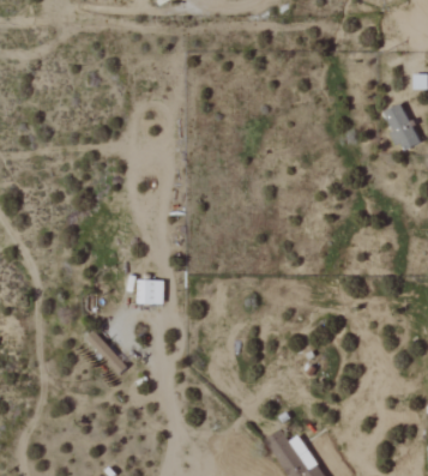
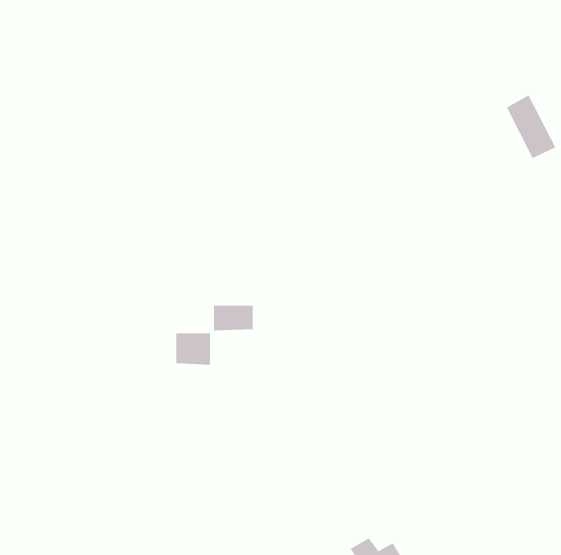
building: none -> [213,305,253,331]

